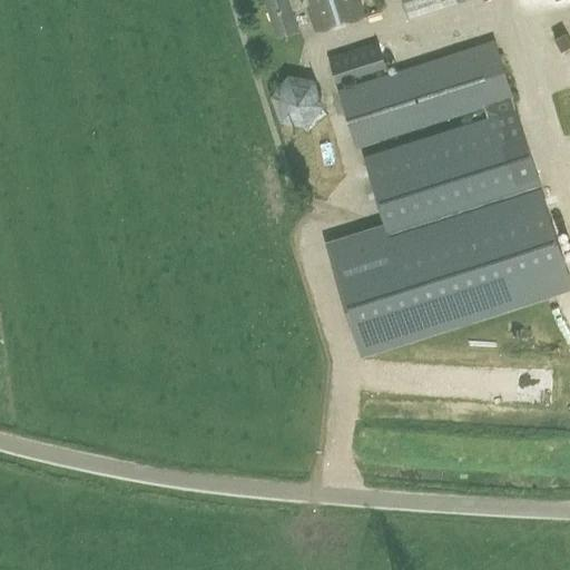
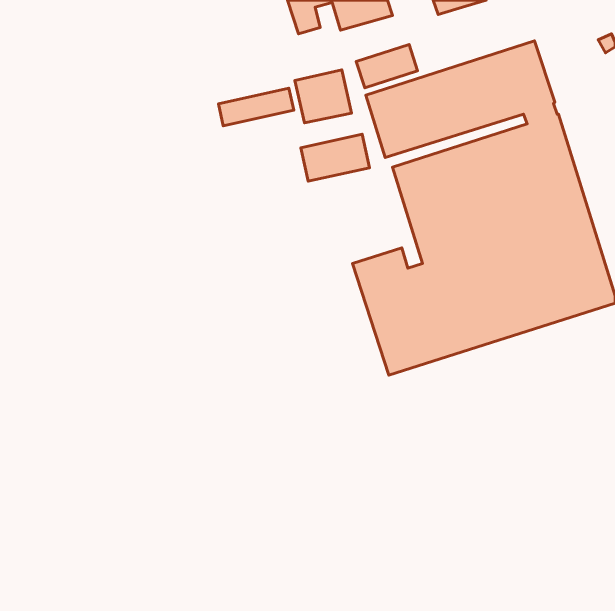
building: none -> [218,88,294,126]
building: none -> [301,134,369,181]

